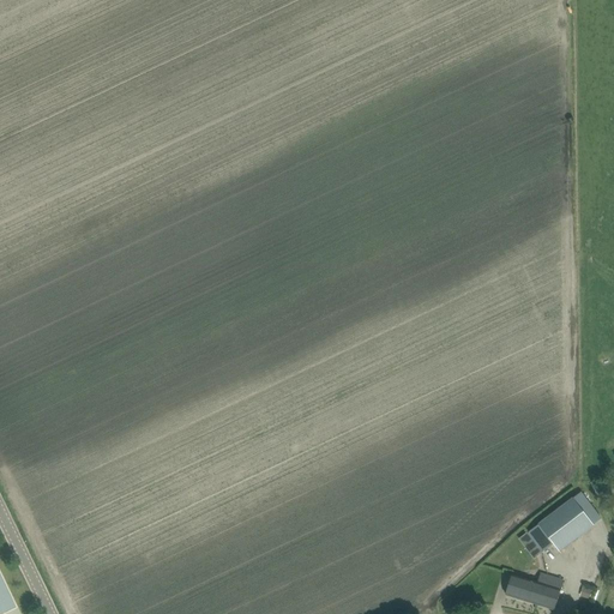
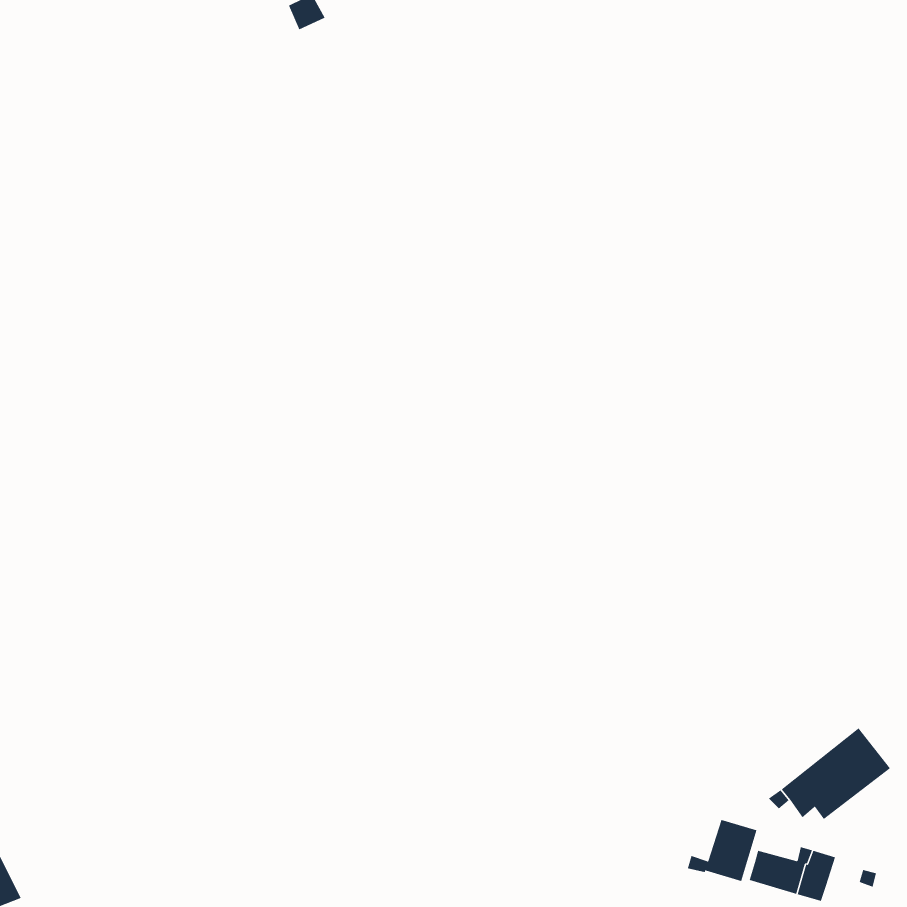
building: none -> [687,819,757,882]

